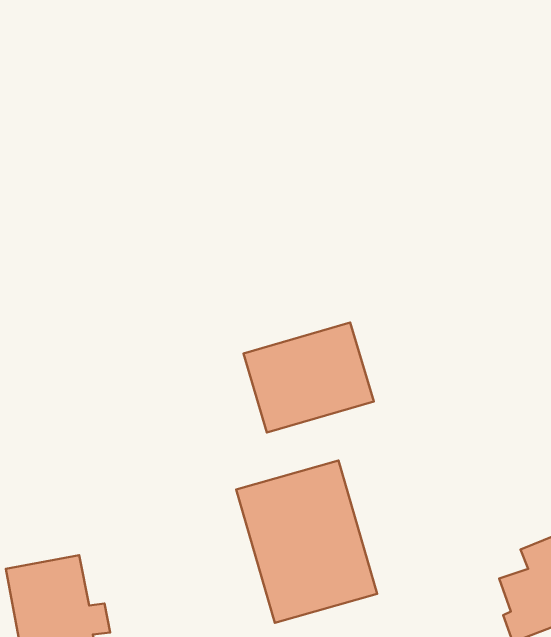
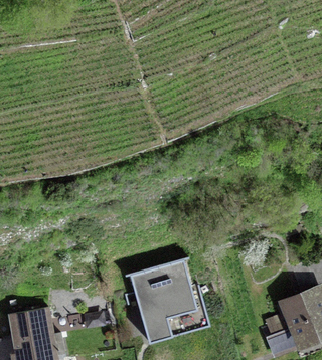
building: [243,323,374,432] -> none

